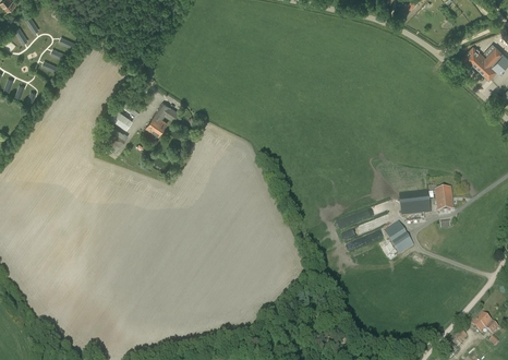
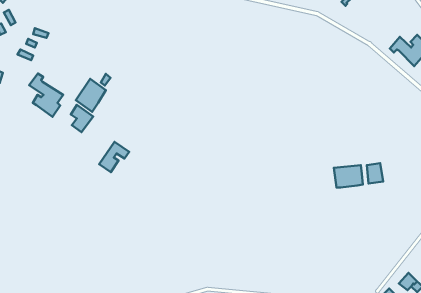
building: none -> [29,73,63,117]
building: [145,103,179,136] -> [99,142,129,172]
building: [384,221,414,254] -> none

